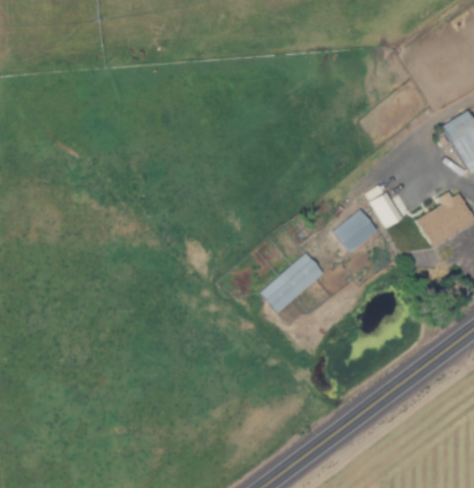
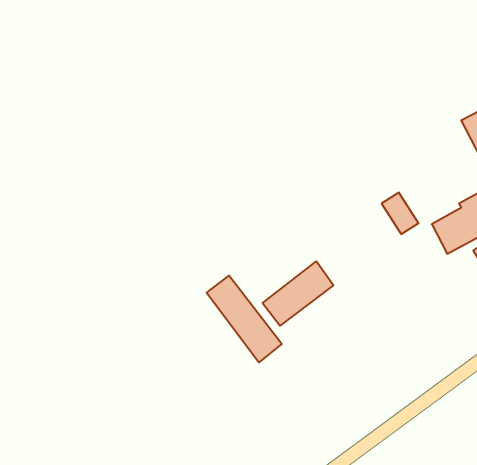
building: [334,210,378,252] -> none
building: none -> [207,276,282,362]

